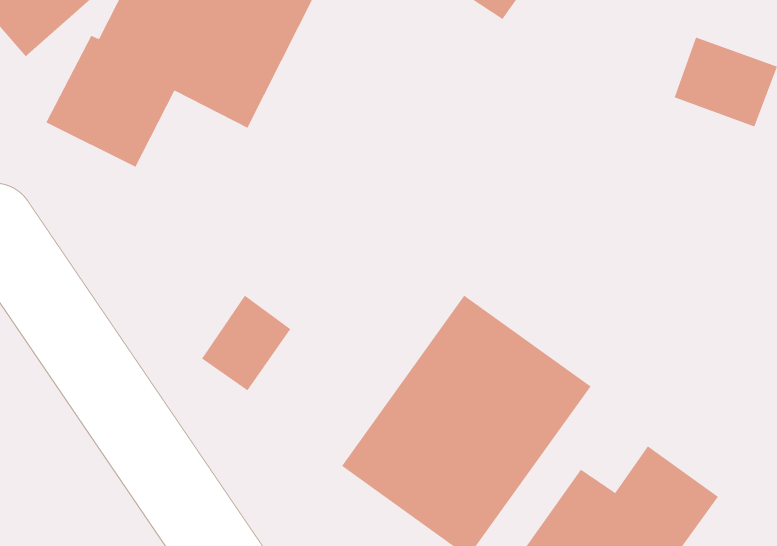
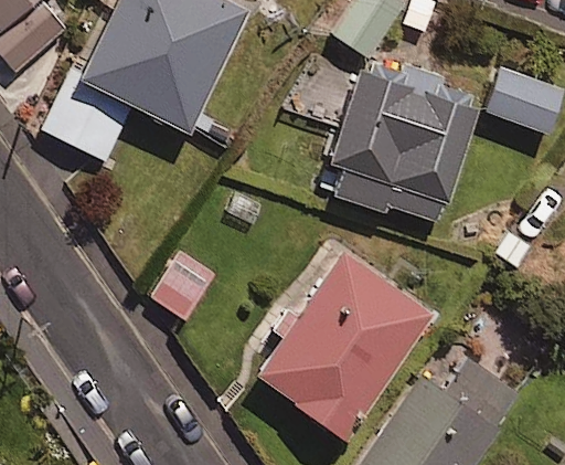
building: none -> [332,67,478,221]

